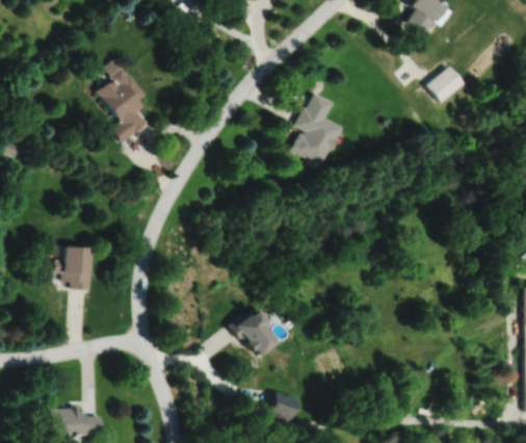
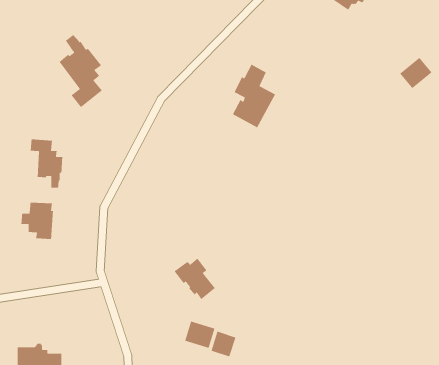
building: [428,66,466,102] -> [399,57,433,89]
building: none -> [30,139,63,189]
building: none -> [184,321,216,349]

